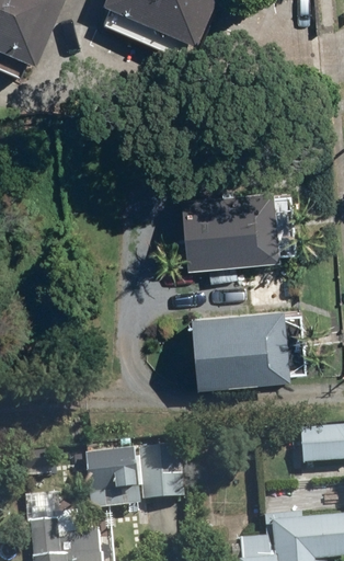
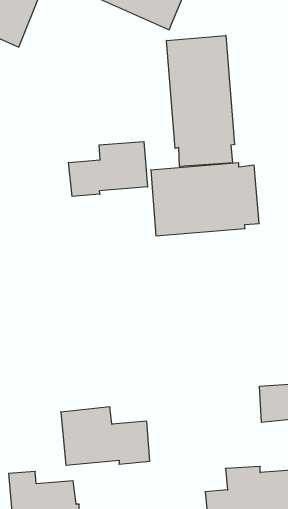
building: none -> [167,35,235,167]
building: none -> [69,142,148,196]
building: [188,306,305,383] -> none

